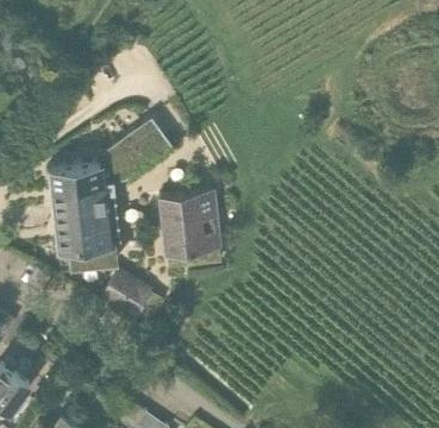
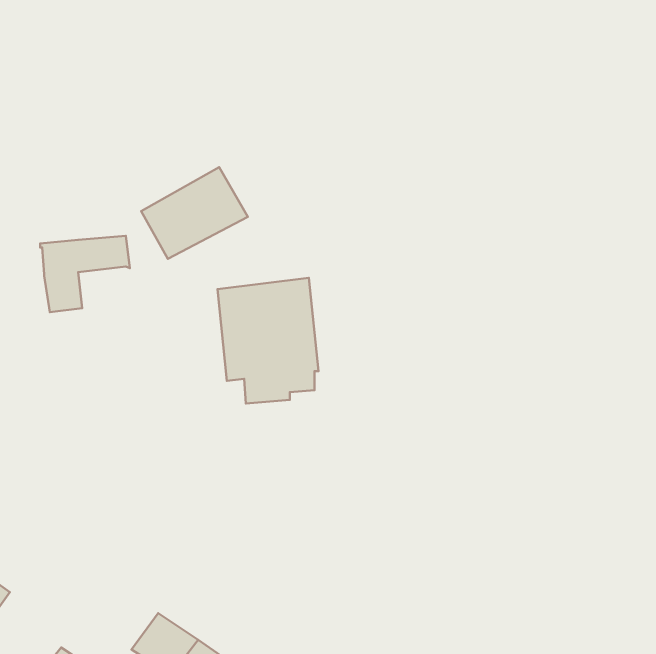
building: [54,180,111,266] -> none
building: [99,268,158,321] -> none

